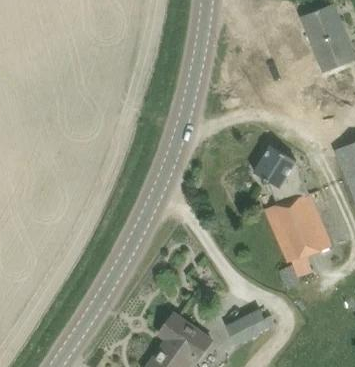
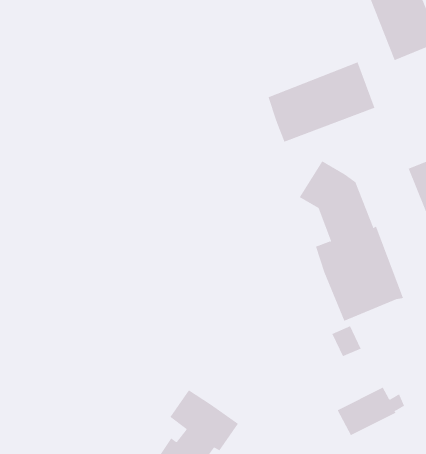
building: none -> [268,62,375,142]
building: [224,310,274,346] -> [337,387,405,436]

